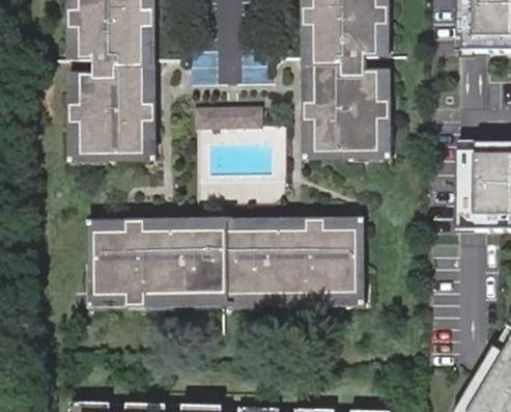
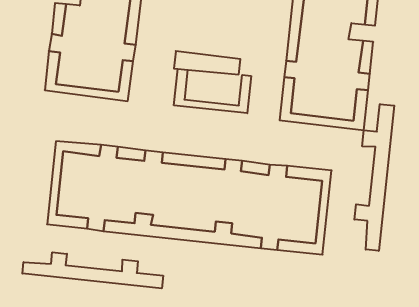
building: none -> [174,69,251,113]
building: none -> [354,104,394,251]
building: none -> [22,252,163,288]

